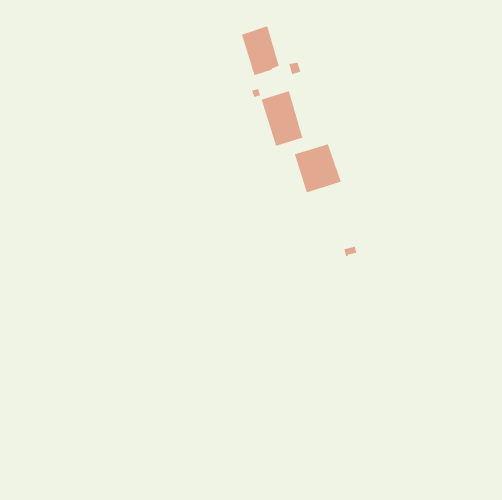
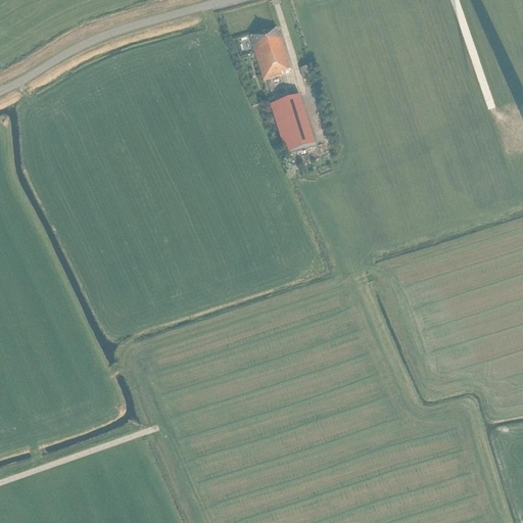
building: [294,143,342,193] -> none

